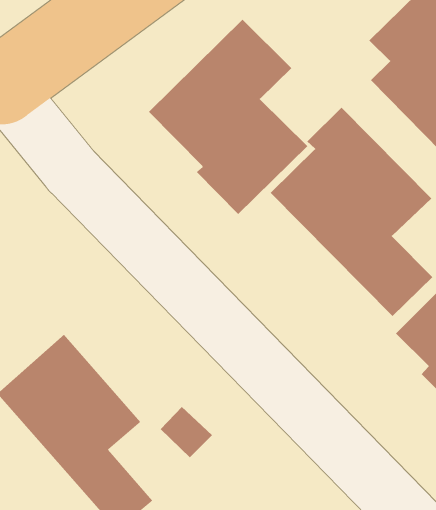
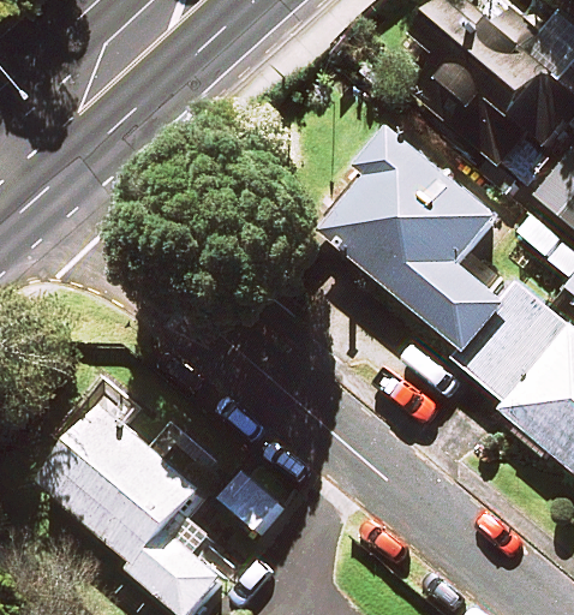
building: [148,19,308,215] -> none

